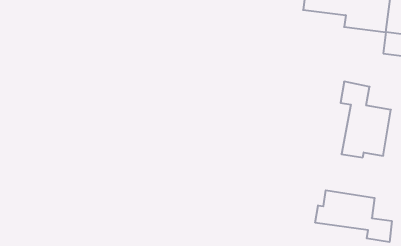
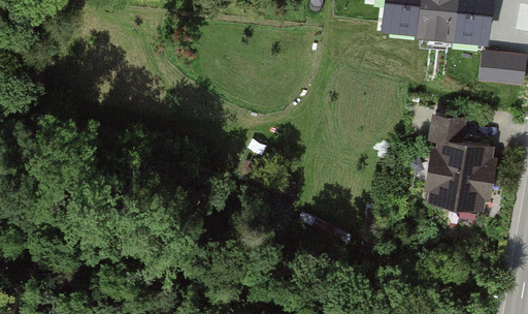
building: [315,190,392,242] -> none

